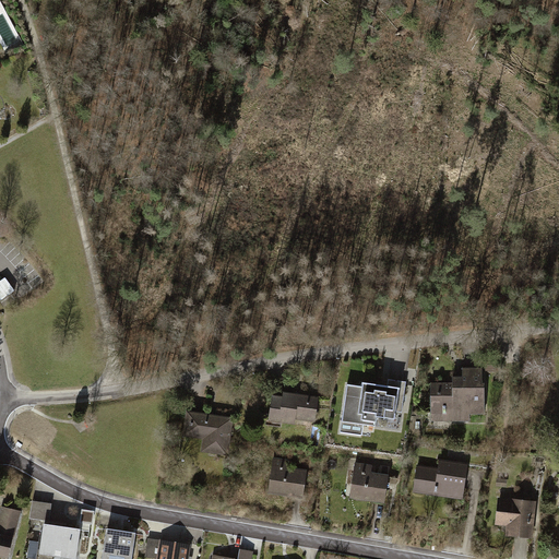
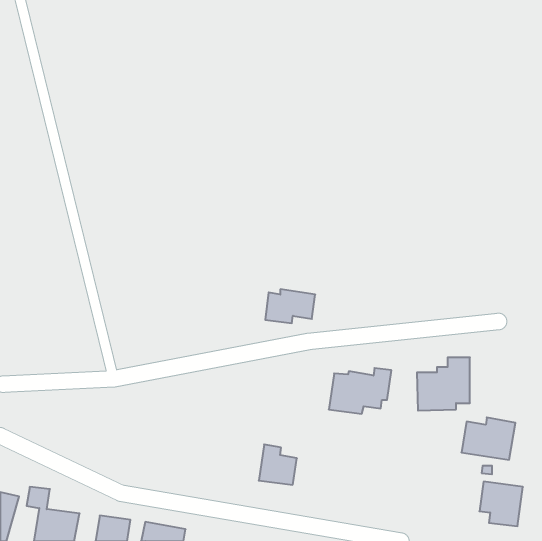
building: [265,393,317,428] -> [265,289,315,323]
building: [180,412,231,456] -> none
building: [413,457,468,501] -> [461,417,515,460]
building: [347,462,388,507] -> none

